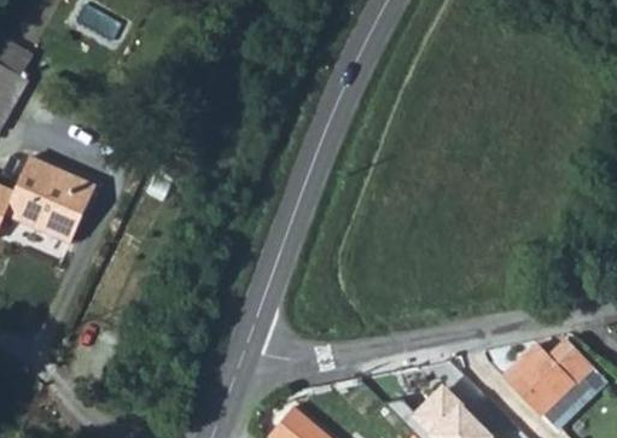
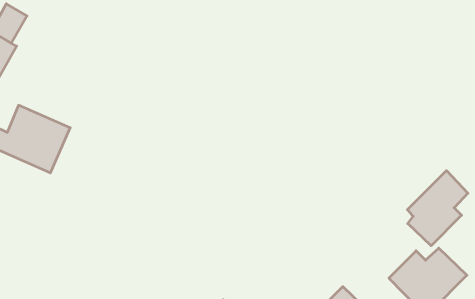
building: none -> [407,171,468,246]

